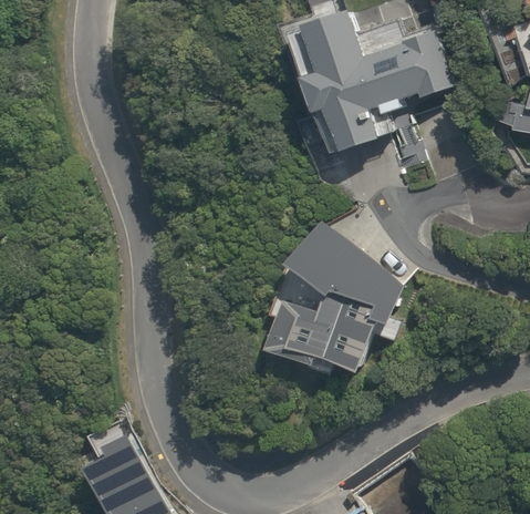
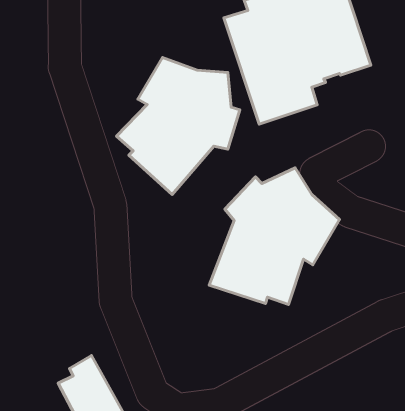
building: none -> [116,57,240,194]

